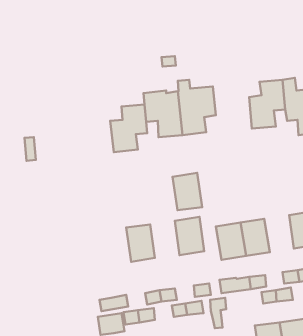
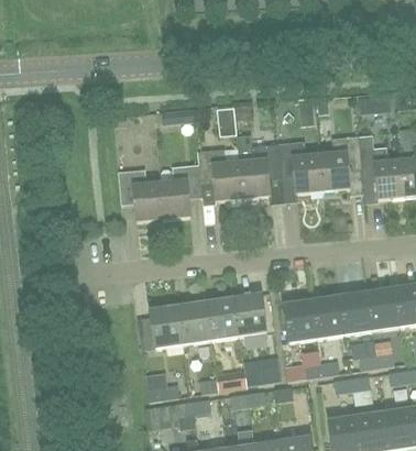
building: none -> [277,141,322,195]
building: none -> [118,169,163,221]
building: [173,173,202,210] -> [205,298,239,341]
building: none -> [337,292,371,334]
building: none -> [149,306,183,350]

